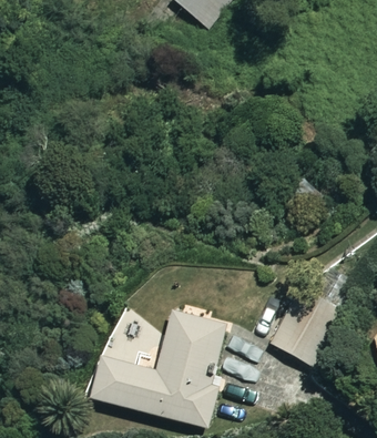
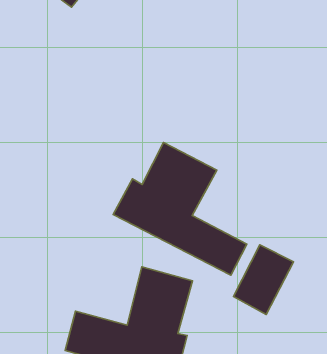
building: none -> [113,142,247,275]

